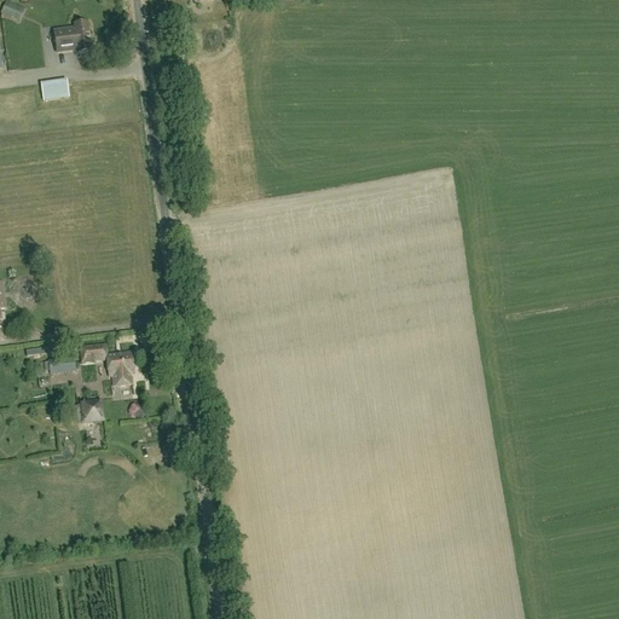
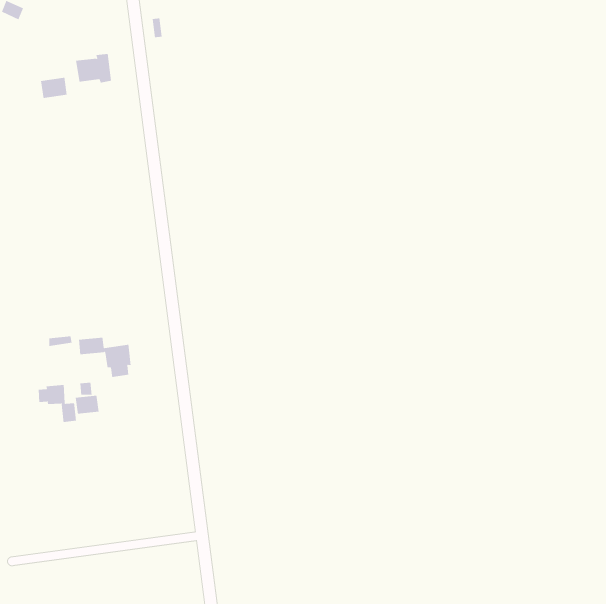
building: [53,22,91,52] -> [75,54,112,83]
building: none -> [38,384,76,423]

